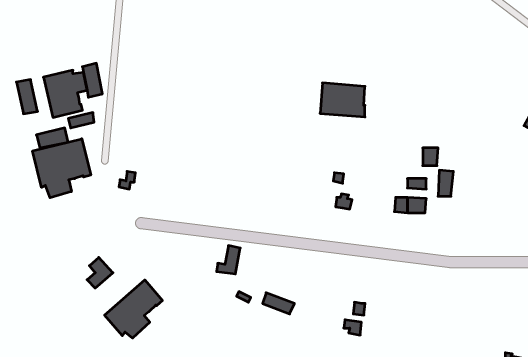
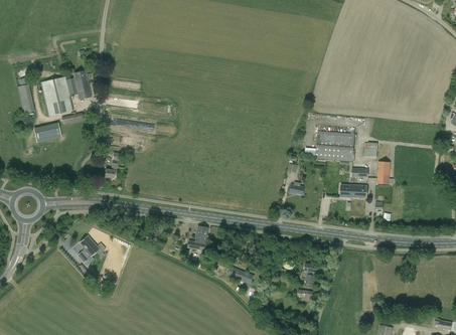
building: [320,83,365,117] -> [316,131,354,160]
building: [33,139,91,198] -> none
building: [105,280,162,338] -> none

